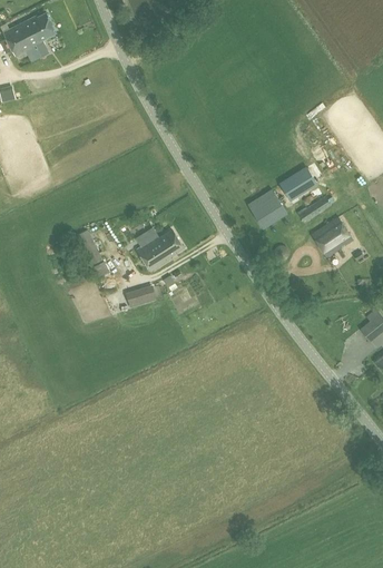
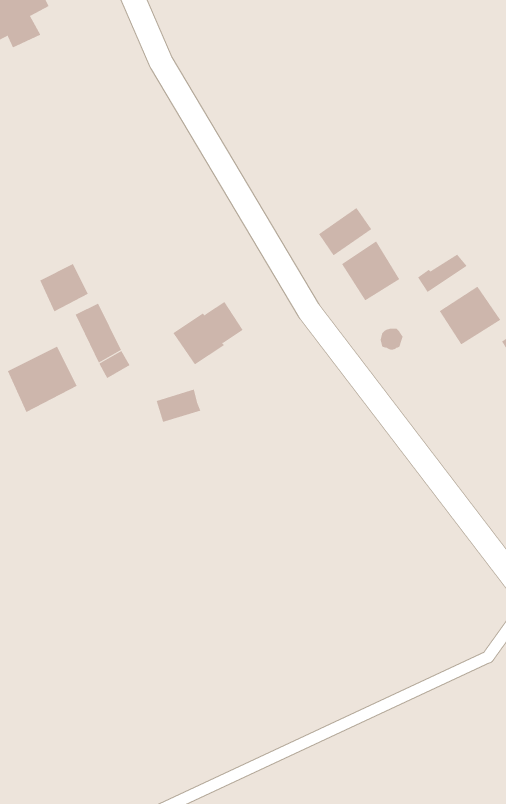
building: [278,165,314,197] -> [318,207,372,256]
building: none -> [40,263,89,312]
building: none -> [7,346,77,413]

